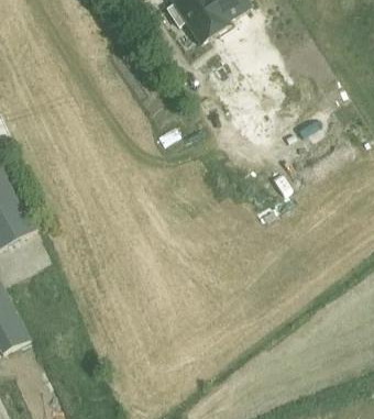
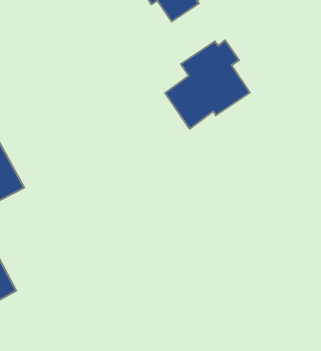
building: none -> [165,40,250,129]

